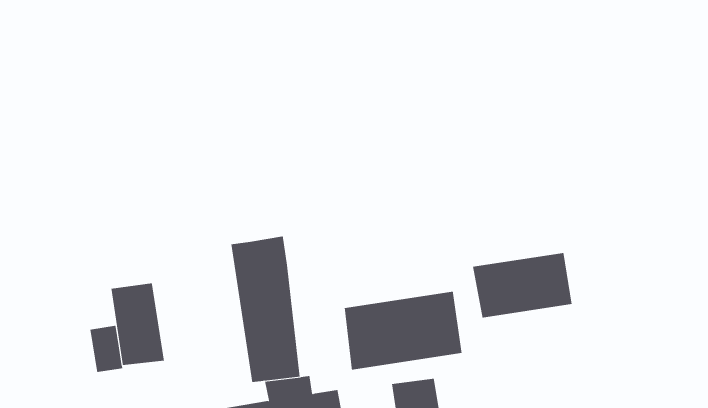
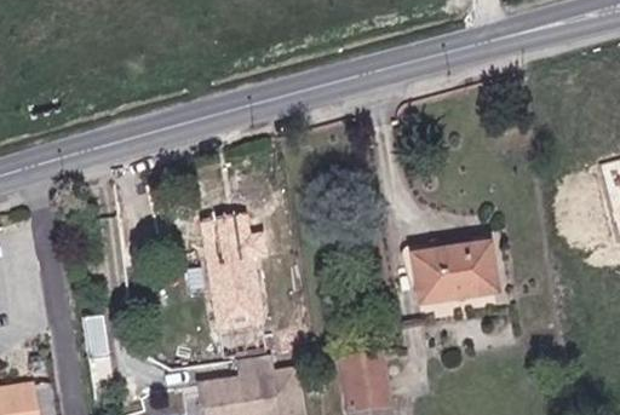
building: [111,282,164,366] -> none
building: [344,291,462,371] -> none

